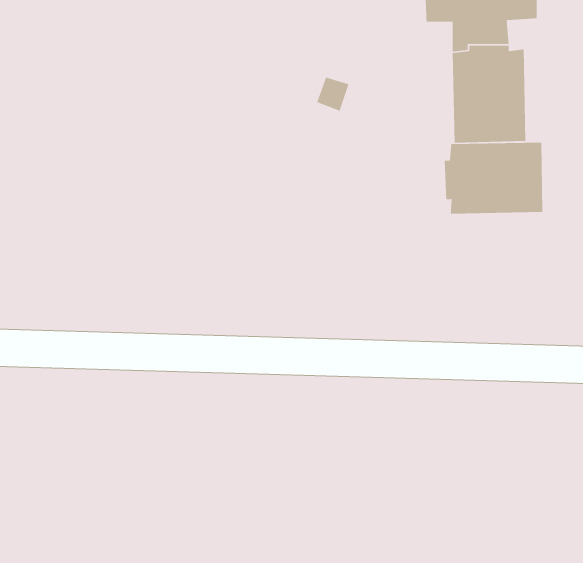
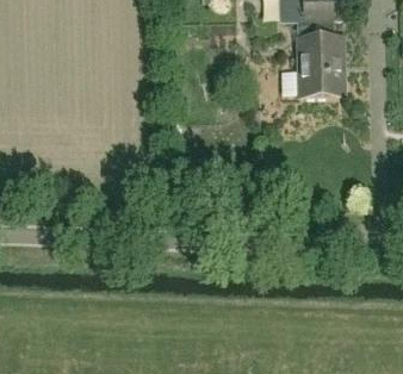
building: [444,142,543,214] -> none

